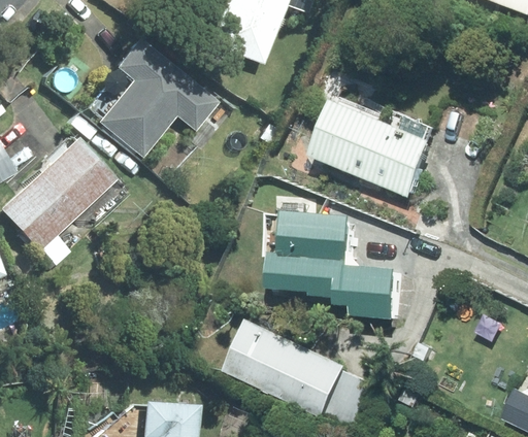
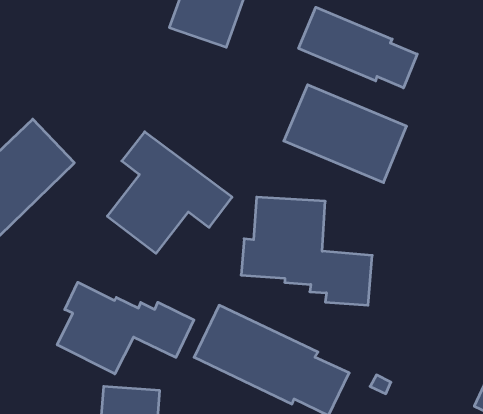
building: none -> [299,7,417,88]
building: [94,37,218,158] -> [107,132,232,253]
building: none -> [57,282,194,374]

